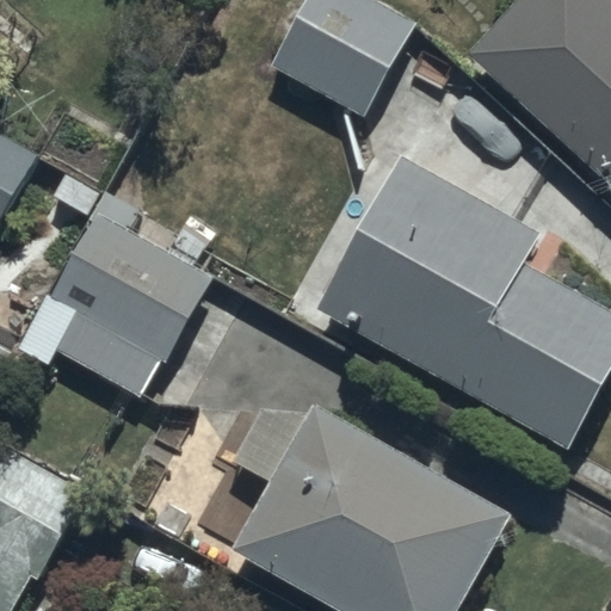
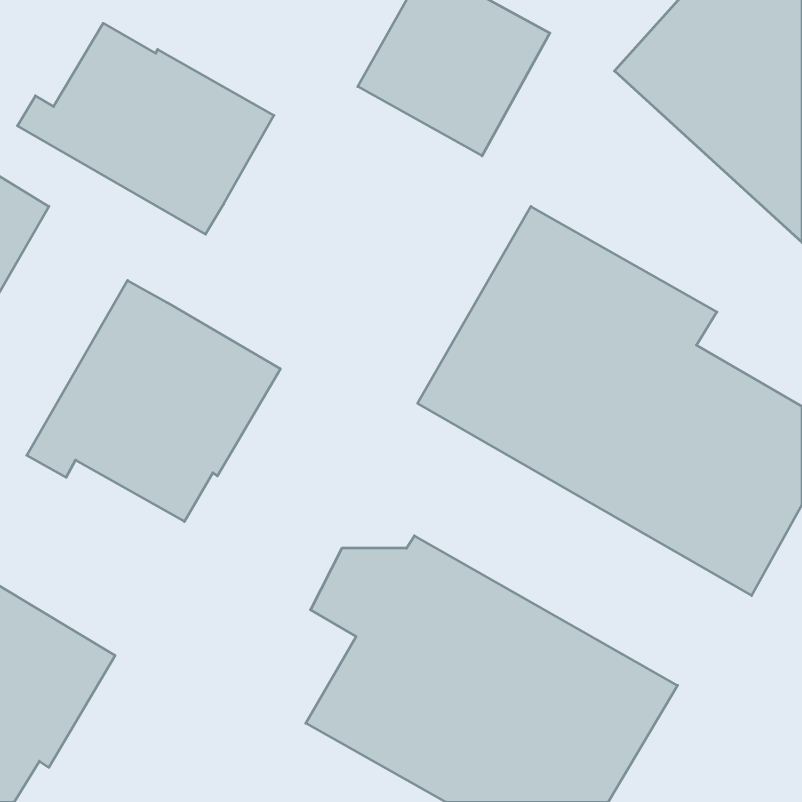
building: none -> [17,23,274,234]

